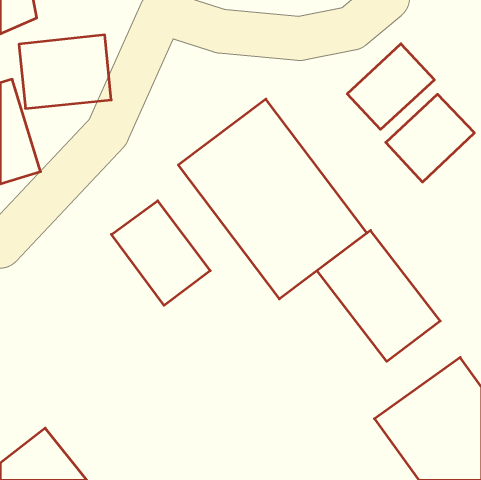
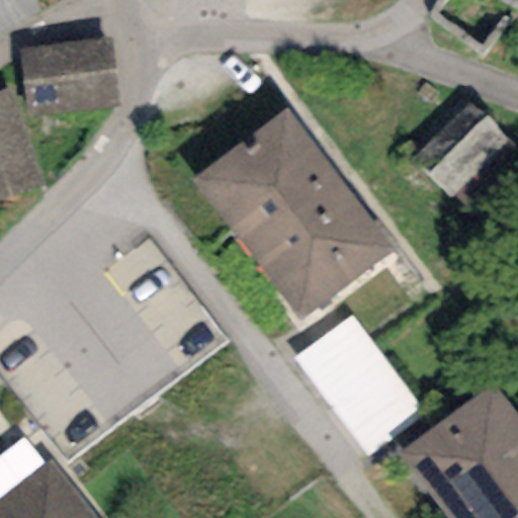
building: [347,44,434,129] -> none
building: [111,201,210,305] -> none
building: [317,230,440,361] -> [292,314,425,454]

